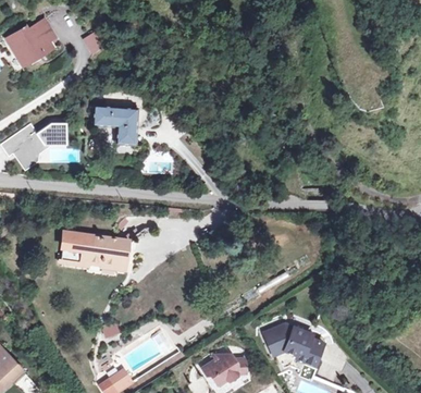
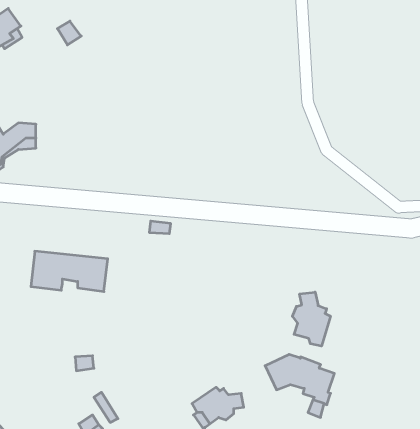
building: [94,106,137,144] -> none
building: none -> [292,292,330,346]

